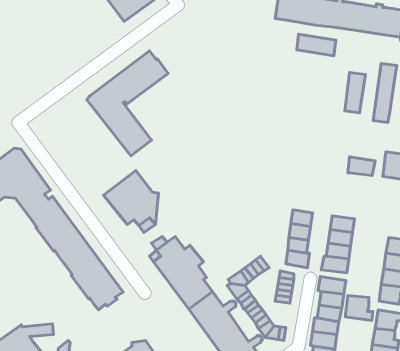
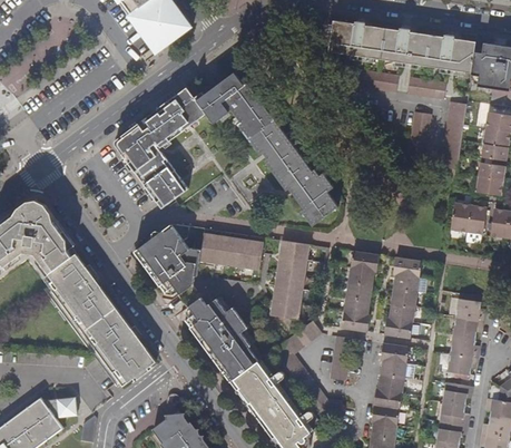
building: none -> [195,72,337,225]
building: none -> [407,77,446,99]
building: [348,157,375,176] -> [391,256,422,277]
building: none -> [199,232,263,271]
building: none -> [268,240,309,332]
building: none -> [348,250,376,271]
building: [345,296,373,320] -> none

